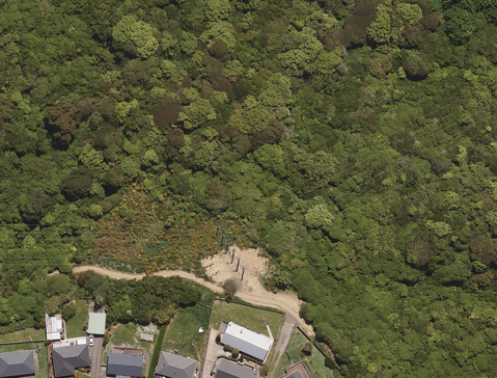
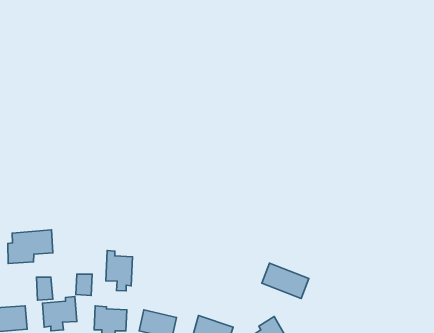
building: none -> [8,230,53,263]
building: none -> [106,251,133,291]
building: [220,322,271,360] -> [262,263,309,299]

